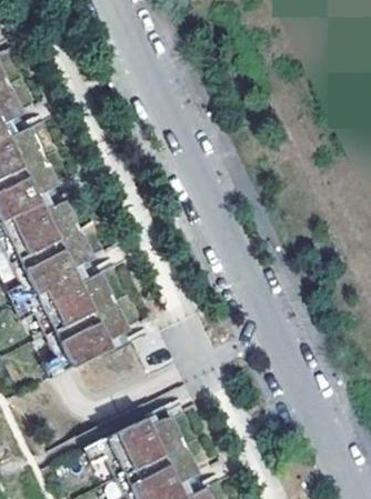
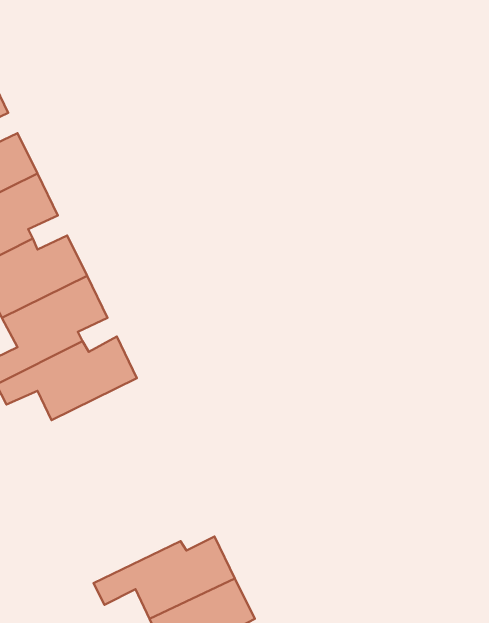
building: [43,301,130,379] -> none

